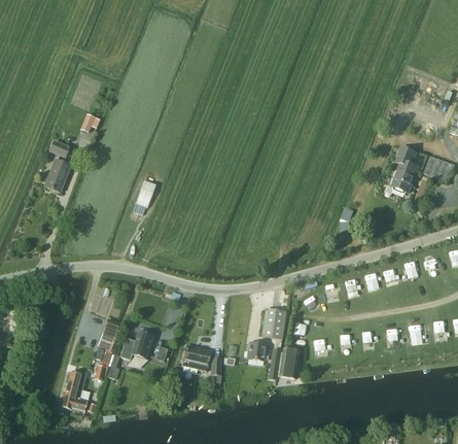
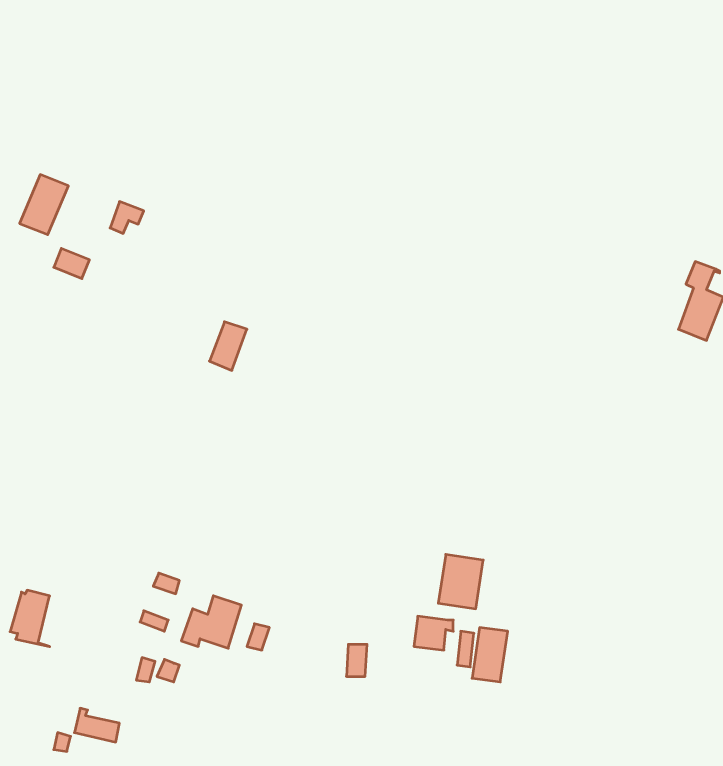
building: [44,159,71,192] -> [20,175,68,235]
building: [182,345,211,371] -> none
building: [65,370,86,401] -> [10,590,50,647]

